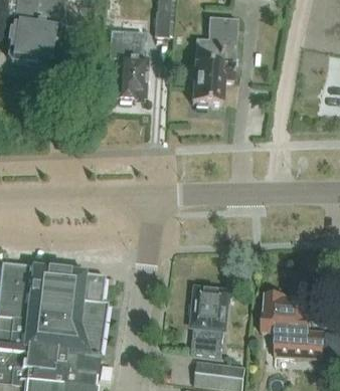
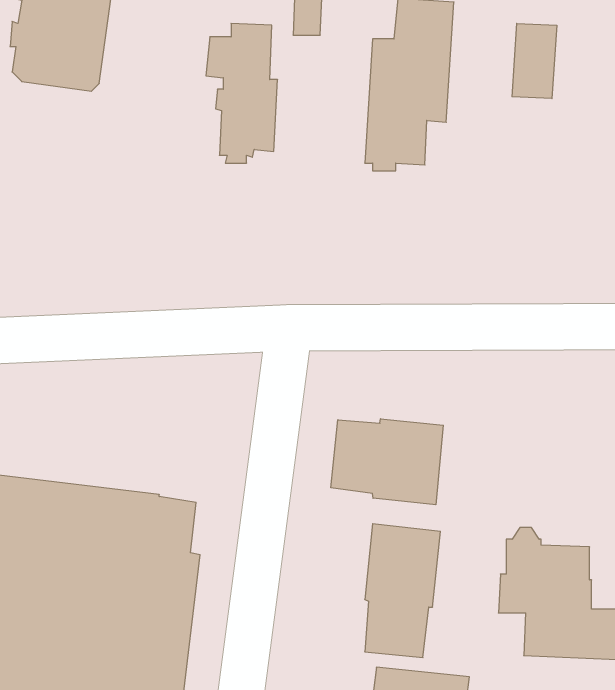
building: none -> [512,23,557,99]
building: none -> [331,419,443,505]

